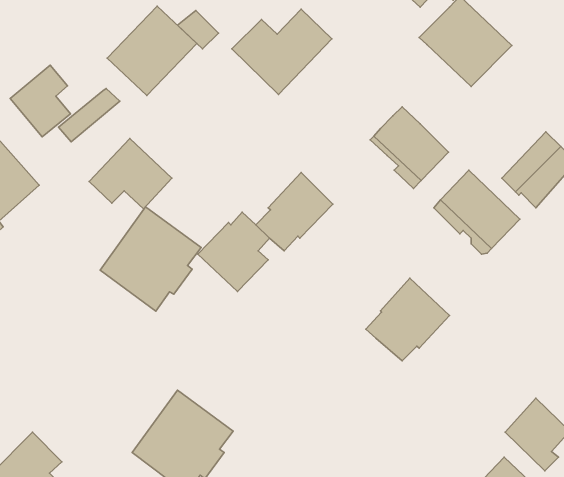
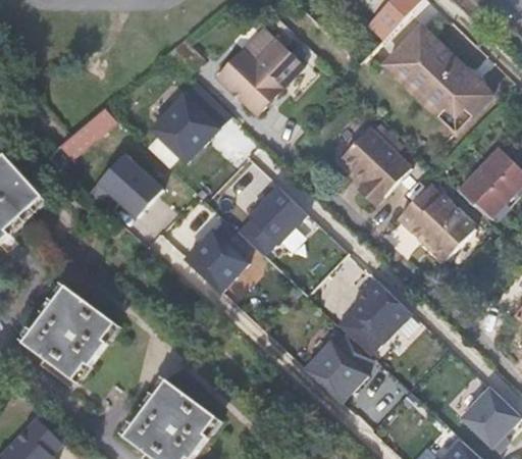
building: [107,6,197,96] -> [150,82,230,162]
building: none -> [430,70,491,132]
building: [10,65,71,137] -> none
building: [100,207,201,311] -> [24,287,115,380]
building: none -> [303,334,373,404]

